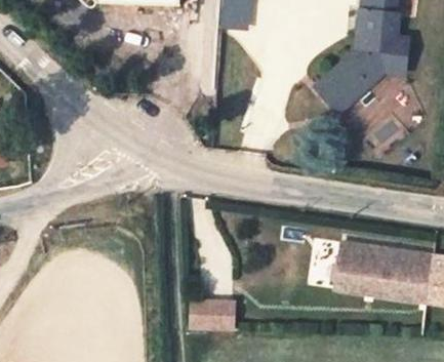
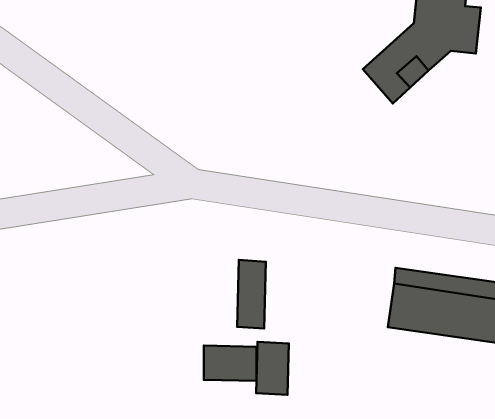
building: none -> [237,260,266,329]
building: none -> [256,342,289,395]

